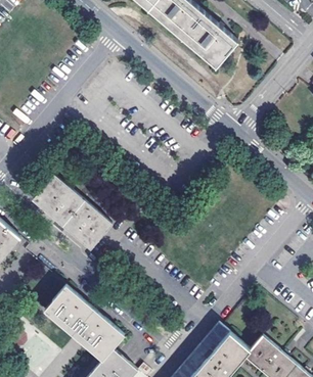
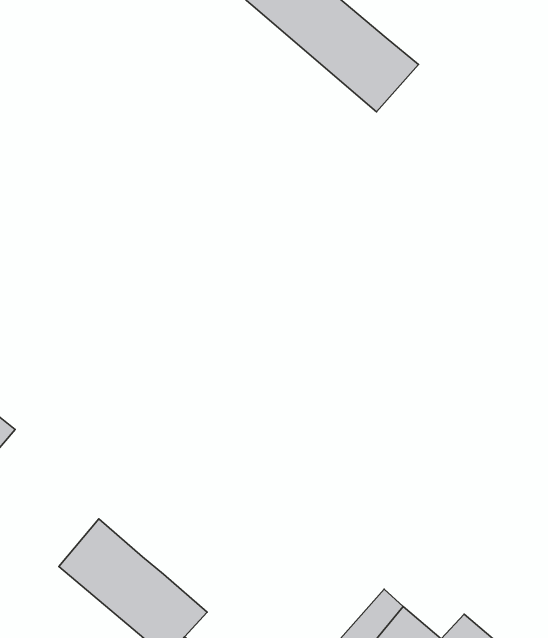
building: [32,175,111,249] -> none

